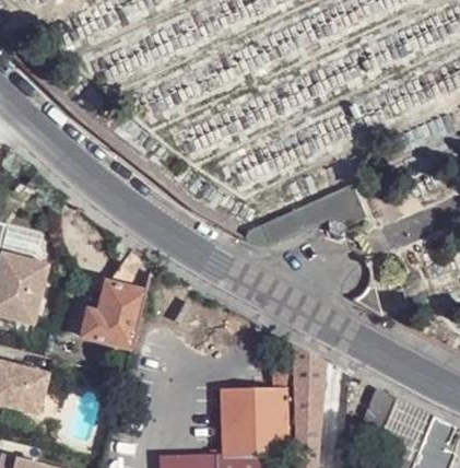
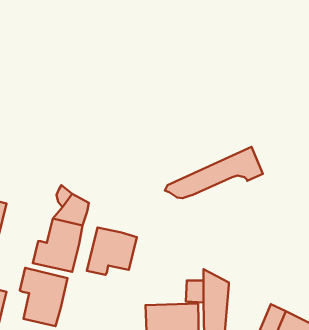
building: none -> [87,227,137,275]
building: none -> [20,268,67,326]

